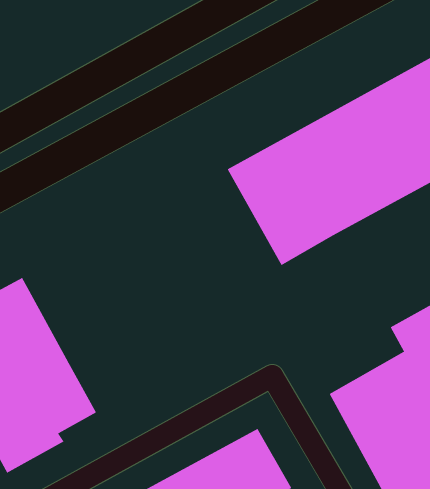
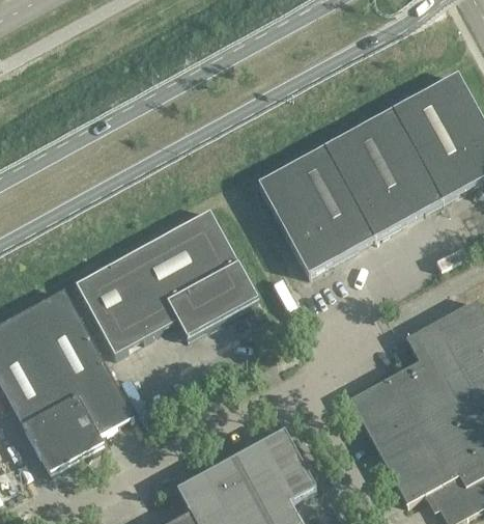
building: none -> [76,208,259,352]

